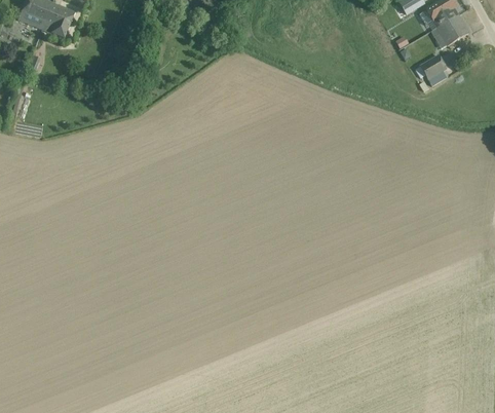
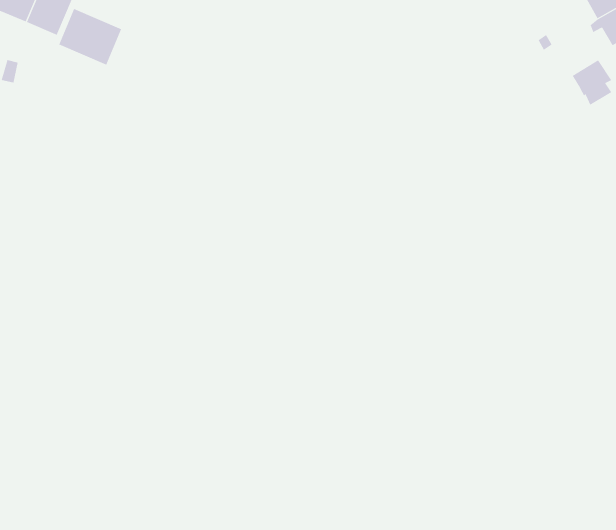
building: none -> [58,8,122,65]

